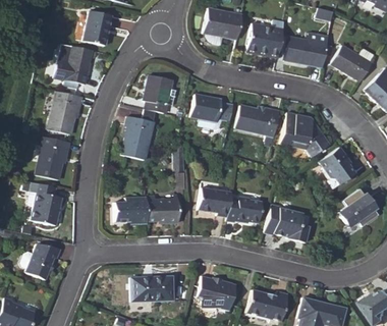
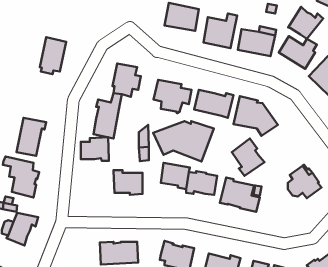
building: [82,11,111,46] -> none
building: none -> [288,7,323,39]
building: [49,92,82,134] -> none
building: none -> [153,121,214,161]
building: [319,147,355,188] -> [232,139,264,176]
building: [115,197,147,223] -> [81,137,109,161]

